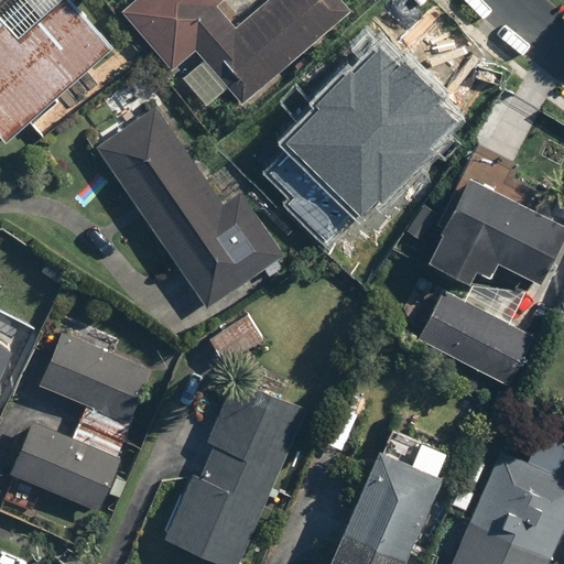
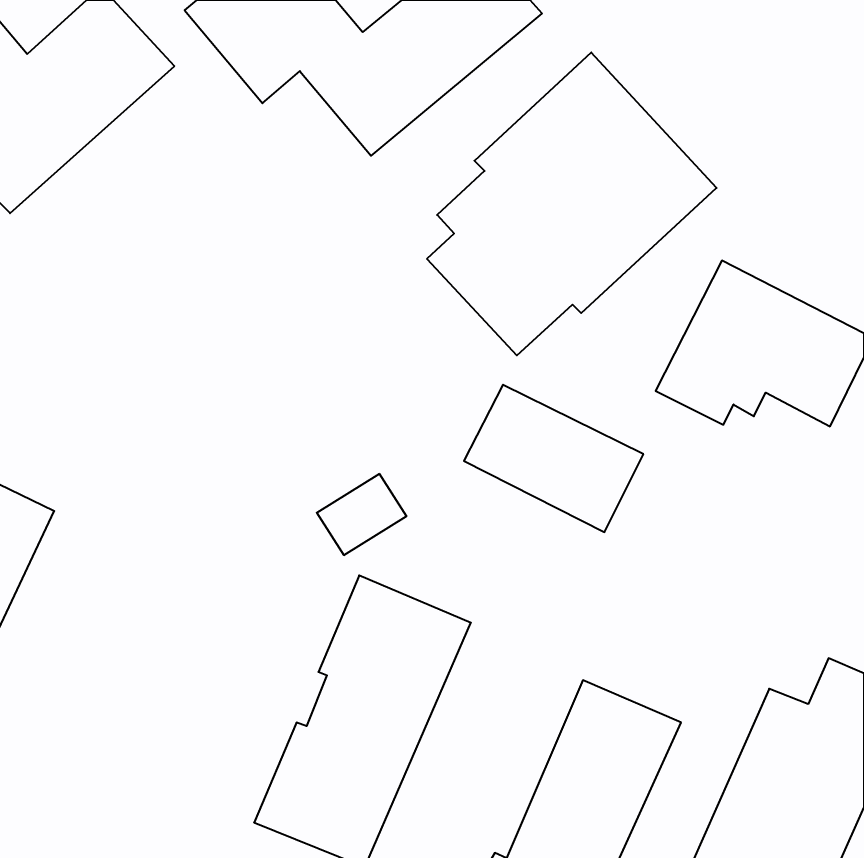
building: [96,107,284,307] -> none
building: [416,290,533,386] -> [464,385,643,532]
building: [10,332,152,511] -> none

